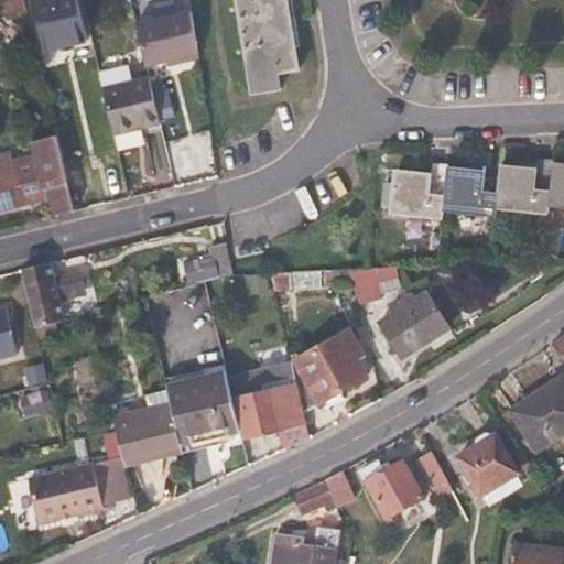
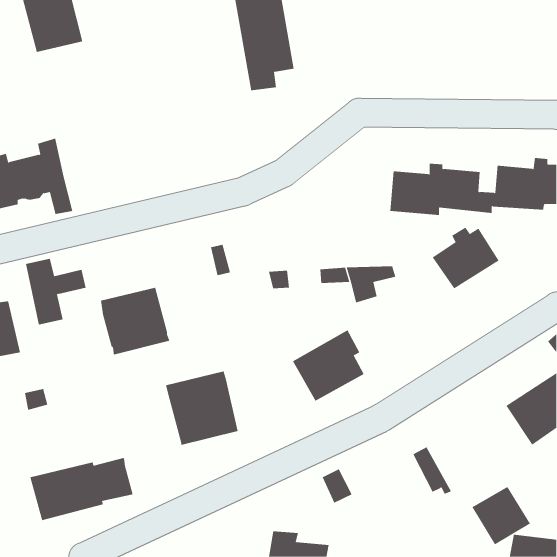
building: [134,12,198,67] -> none
building: [98,66,160,134] -> none
building: [379,295,447,358] -> [432,227,500,289]
building: [228,362,310,447] -> none
building: [113,401,184,469] -> [100,287,170,355]
building: [456,433,516,492] -> [472,486,531,545]
building: [359,458,423,516] -> none
building: [289,480,336,524] -> none

